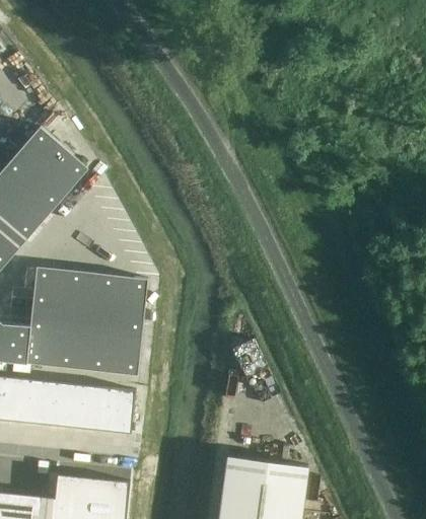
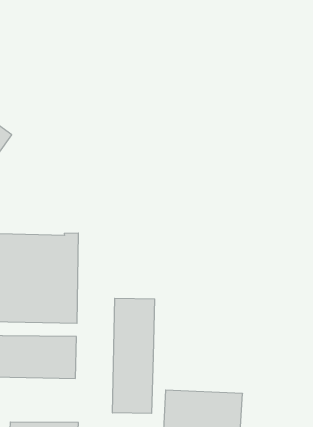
building: none -> [113,298,155,413]

